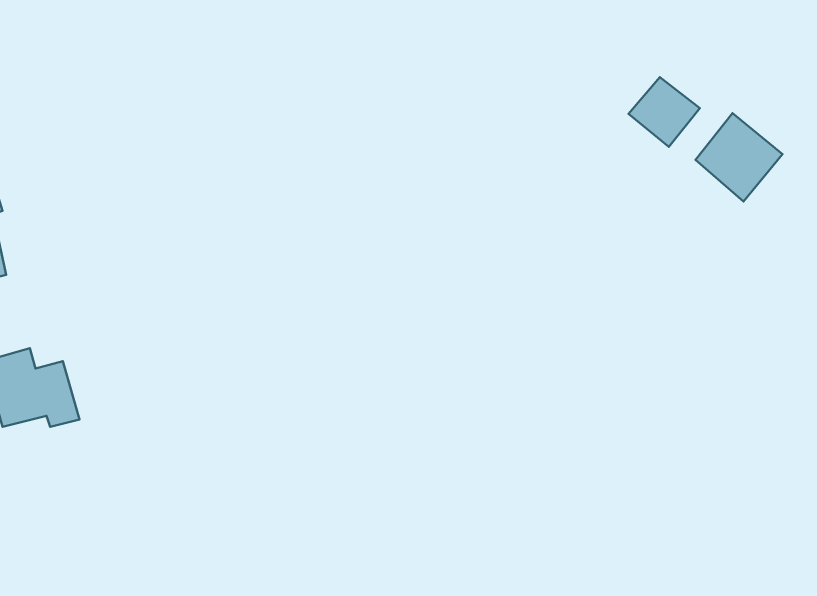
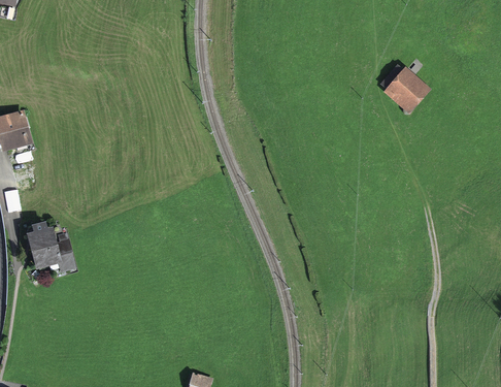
building: [696,113,783,201] -> none

